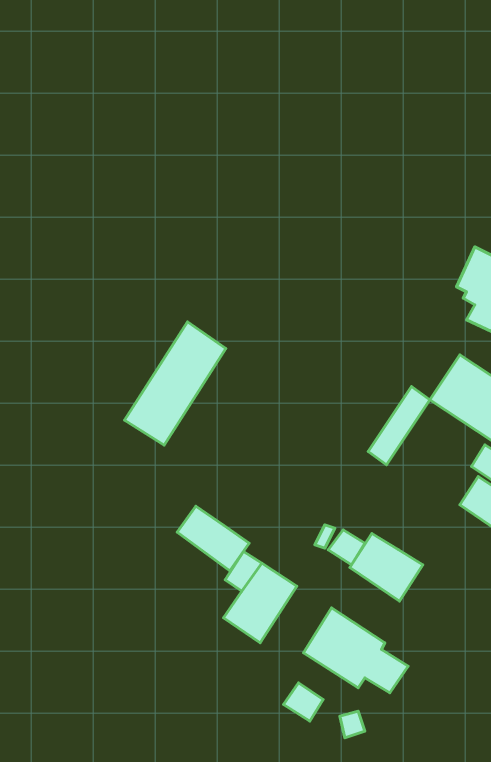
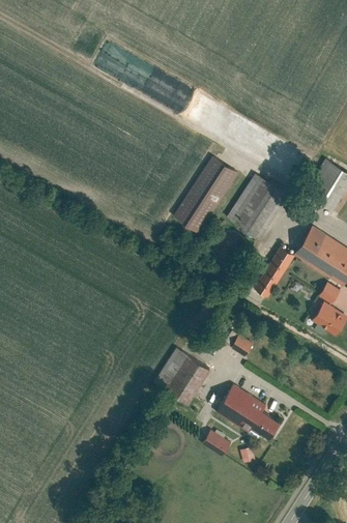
building: none -> [226,173,287,238]
building: [124,322,226,445] -> [174,155,237,232]
building: [177,506,249,571] -> none
building: [350,533,423,601] -> none

